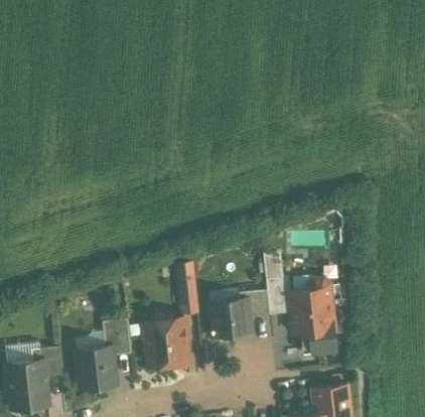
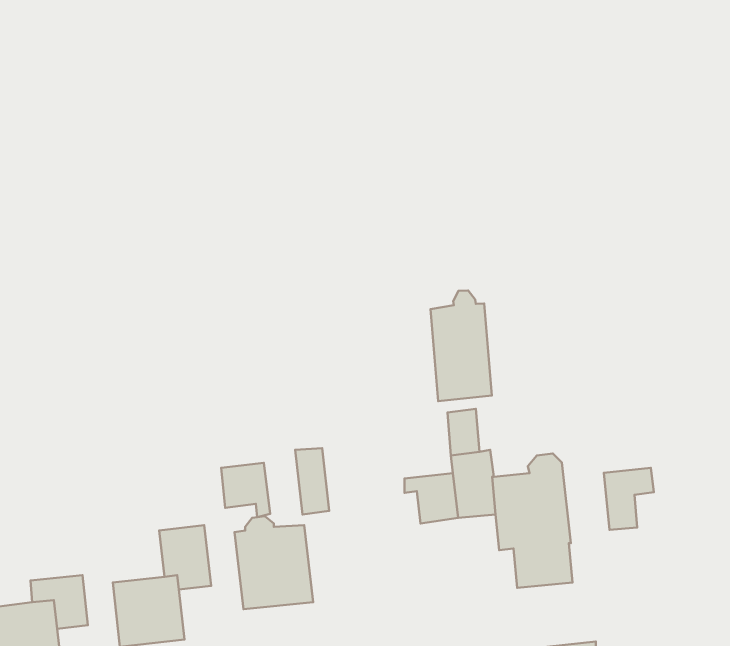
building: none -> [430,290,492,401]
building: none -> [221,463,270,517]
building: none -> [604,468,654,530]
building: [209,298,251,334] -> none

